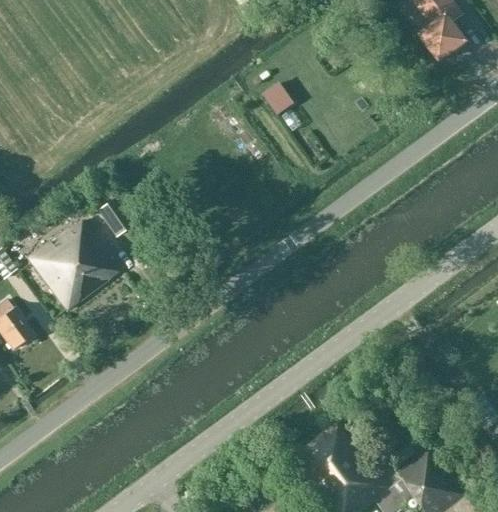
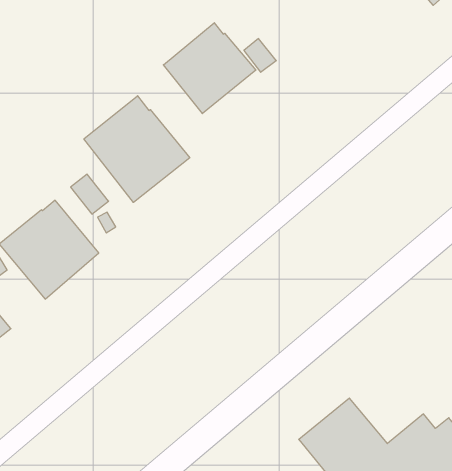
building: none -> [163,23,256,114]
building: none -> [84,96,190,202]

